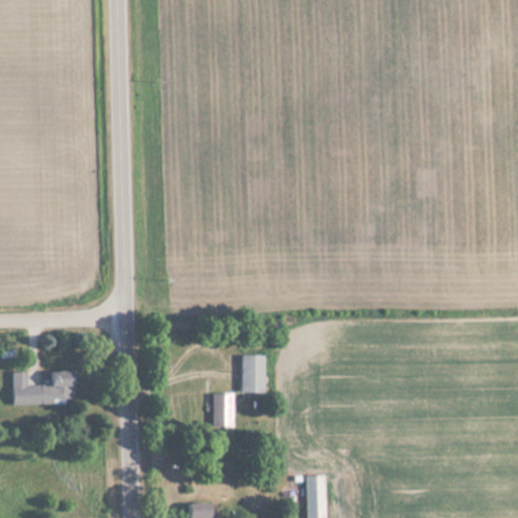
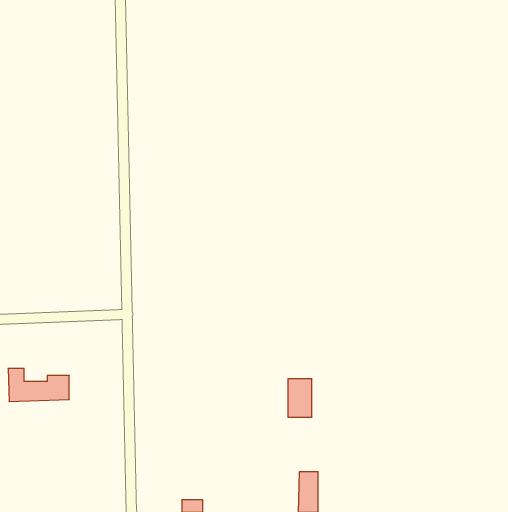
building: [241,354,265,393] -> [288,379,312,417]
building: [213,393,234,427] -> none

